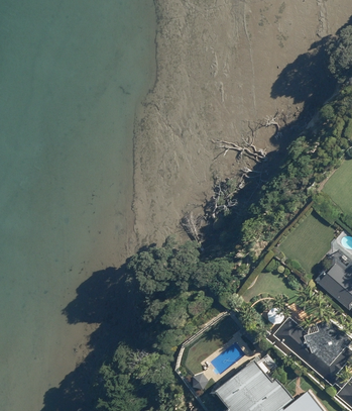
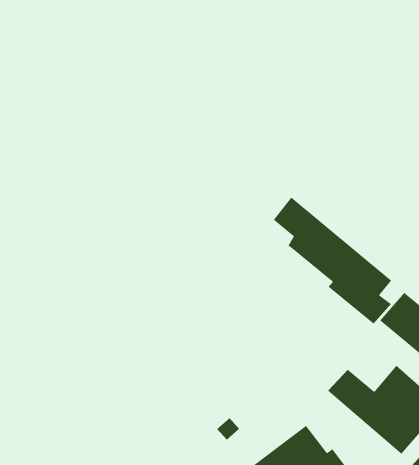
building: none -> [273,196,392,325]

